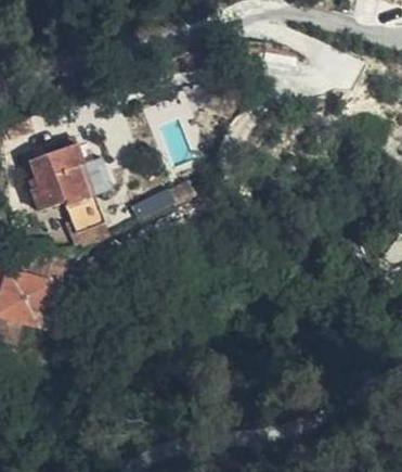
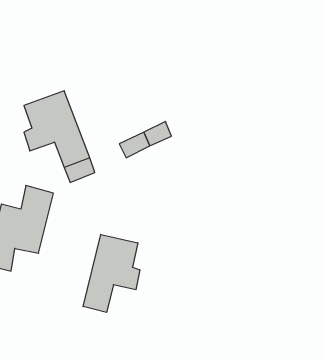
building: none -> [83,234,140,312]

